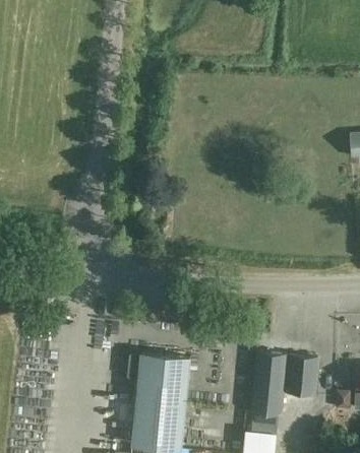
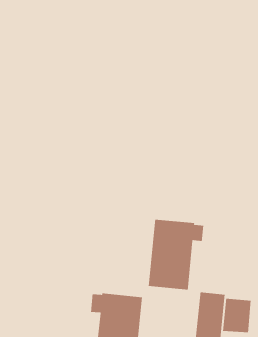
building: none -> [148,219,204,291]

